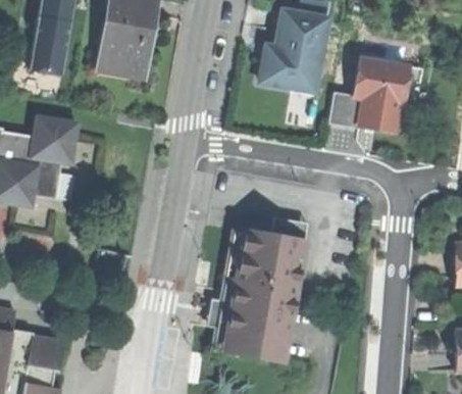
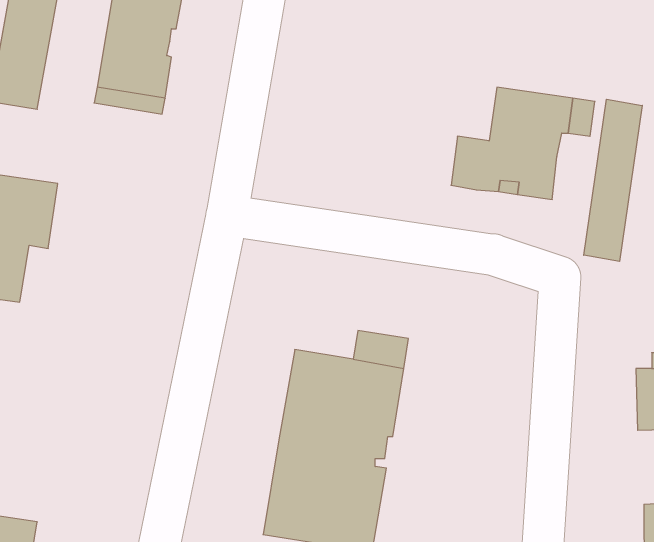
building: [260,12,327,92] -> none
building: none -> [584,99,642,261]

